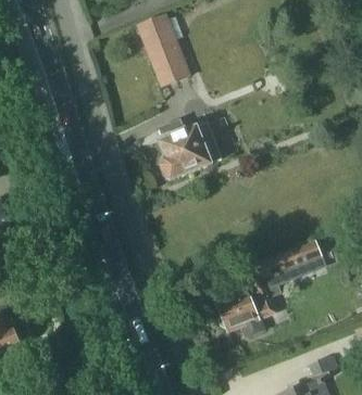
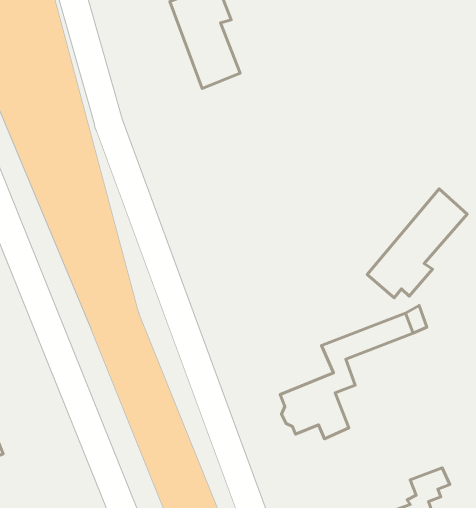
building: [158,120,222,180] -> none
building: none -> [367,189,467,298]

